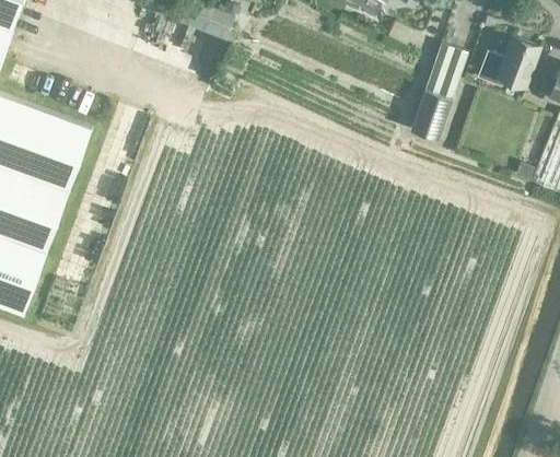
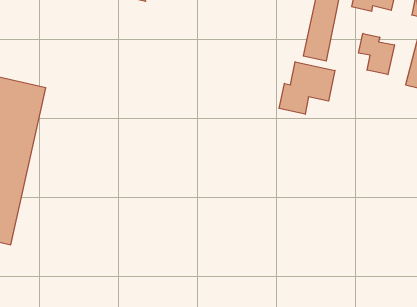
building: none -> [359,33,394,75]
building: none -> [279,62,335,114]

